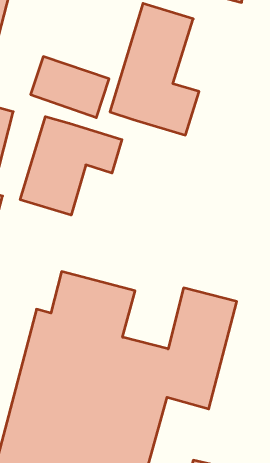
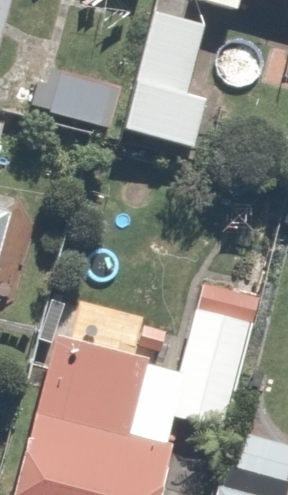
building: [20,117,122,215] -> none

